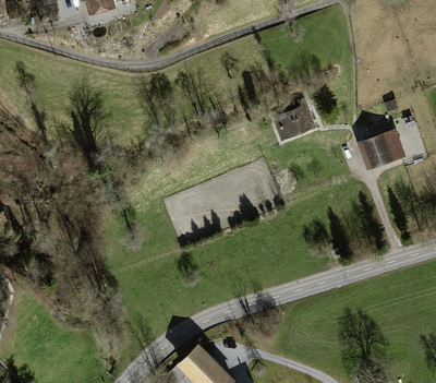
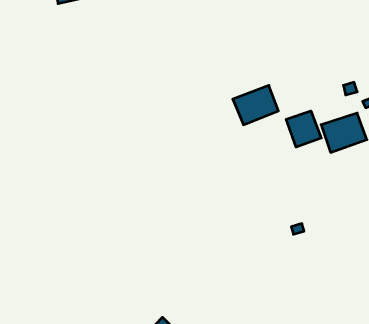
building: none -> [286,111,321,147]

